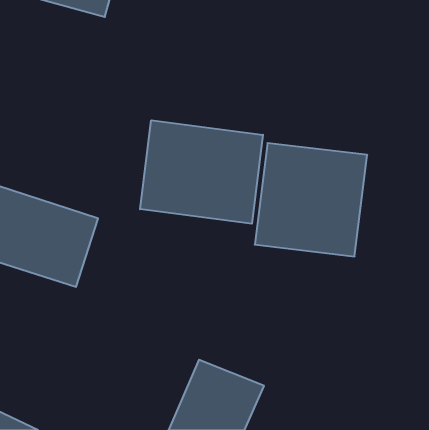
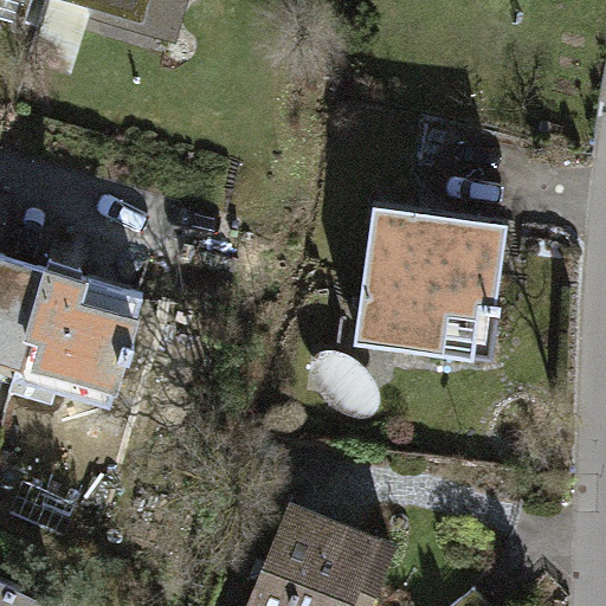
building: [140,120,263,224] -> none

